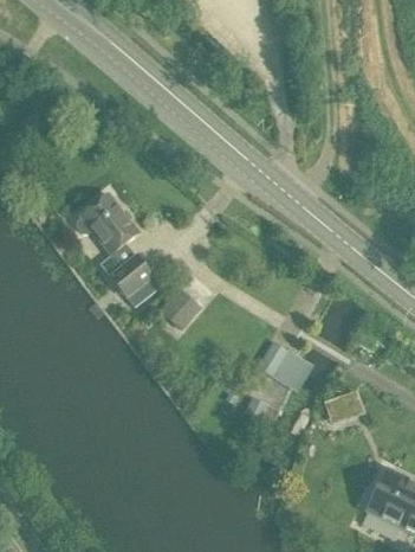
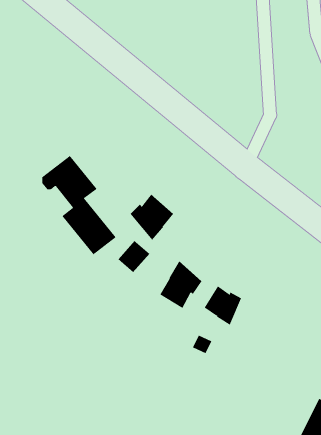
building: none -> [130,194,174,241]
building: none -> [160,260,202,309]

